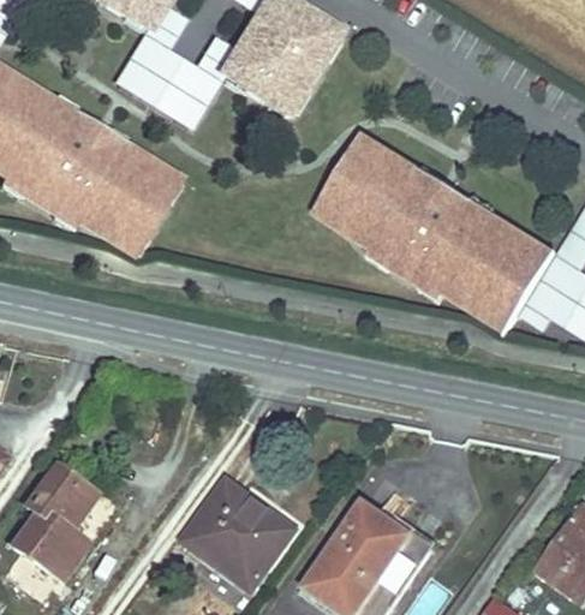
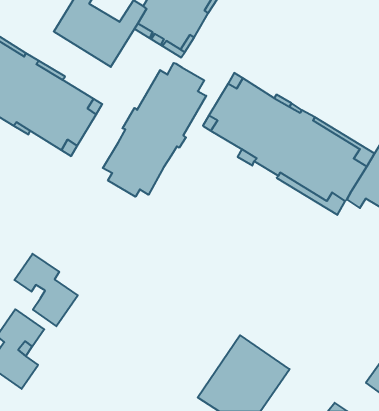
building: none -> [103,63,206,197]
building: none -> [14,254,78,326]
building: [190,480,298,587] -> none

